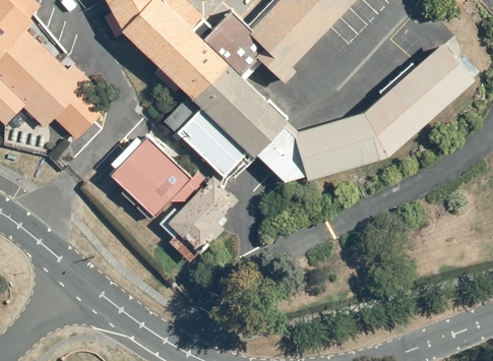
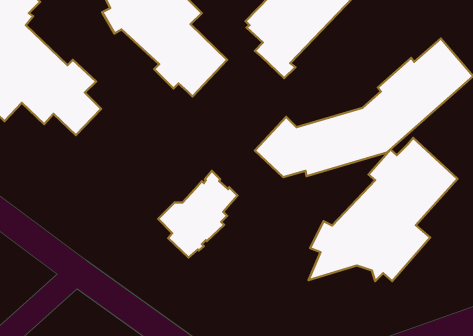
building: [165,11,290,178] -> none
building: [111,133,207,220] -> none
building: none -> [309,138,457,281]

